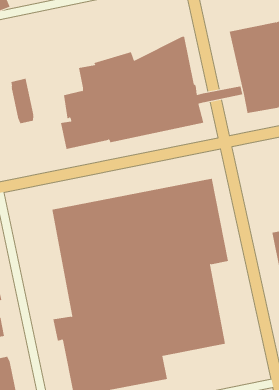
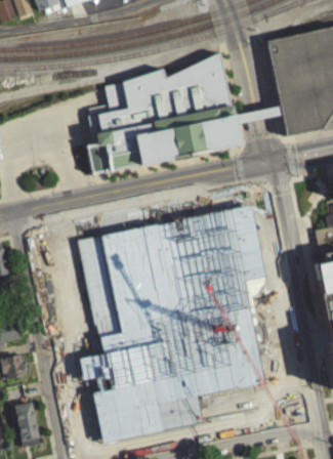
building: [11,78,34,124] -> none

